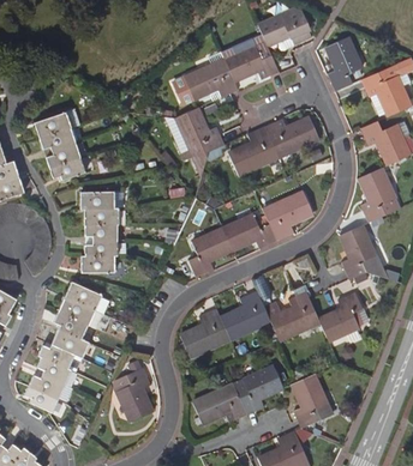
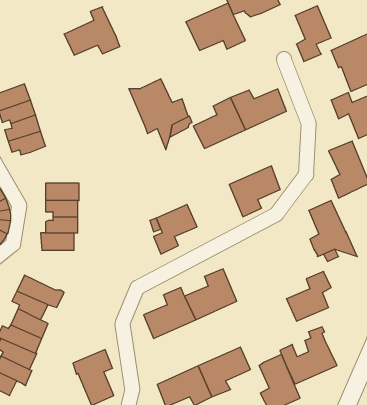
building: [184,50,238,97] -> [64,7,120,55]
building: [80,190,124,207] -> none
building: [222,213,276,249] -> none
building: [65,282,108,313] -> none
building: [264,284,319,339] -> [280,327,337,384]

